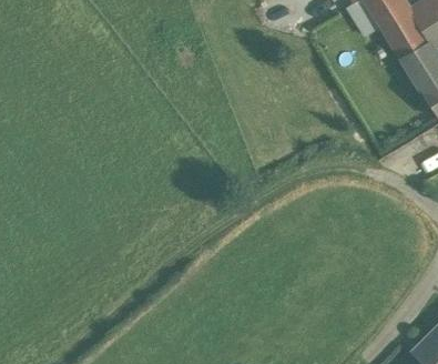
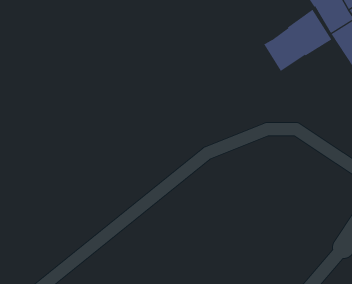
building: none -> [263,9,332,72]

